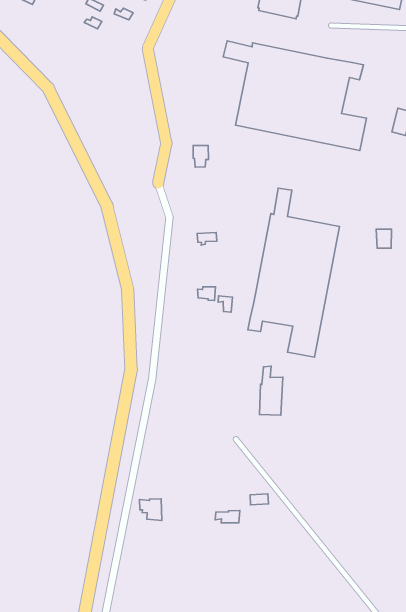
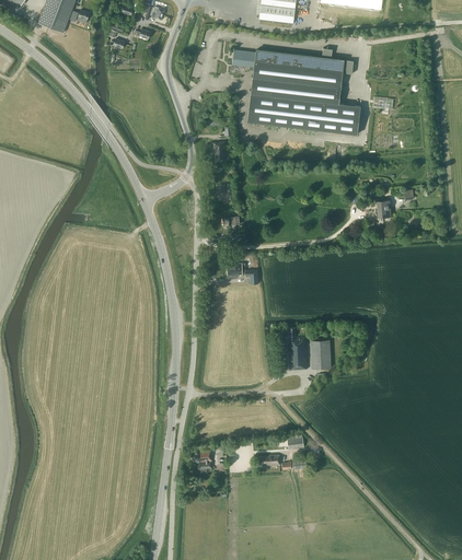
building: [248,188,340,357] -> none
building: none -> [311,338,331,368]

